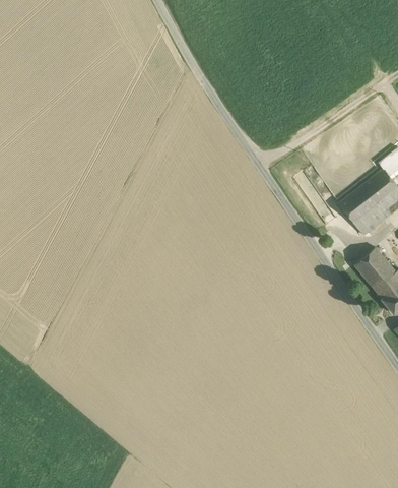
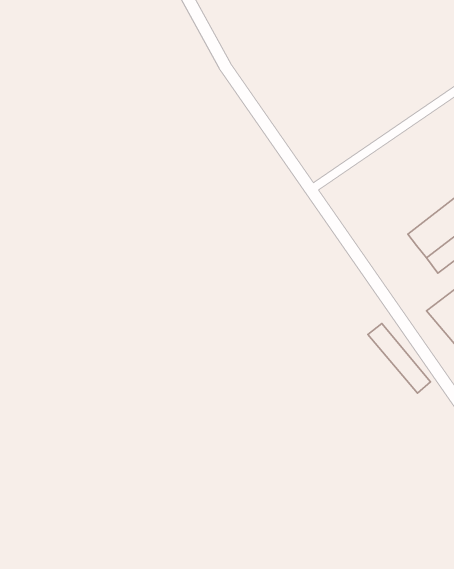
building: none -> [368,324,431,393]

